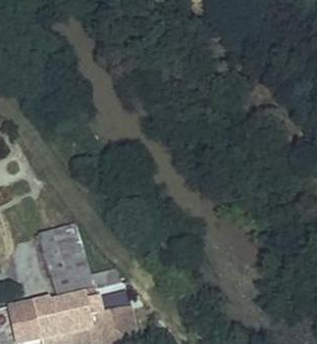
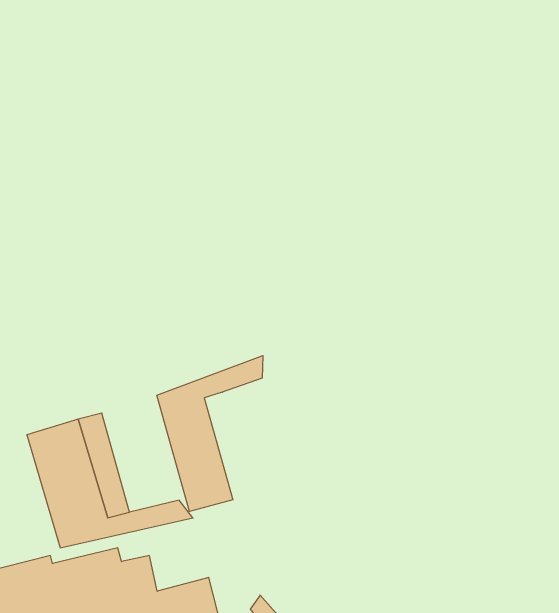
building: none -> [157,356,263,511]

